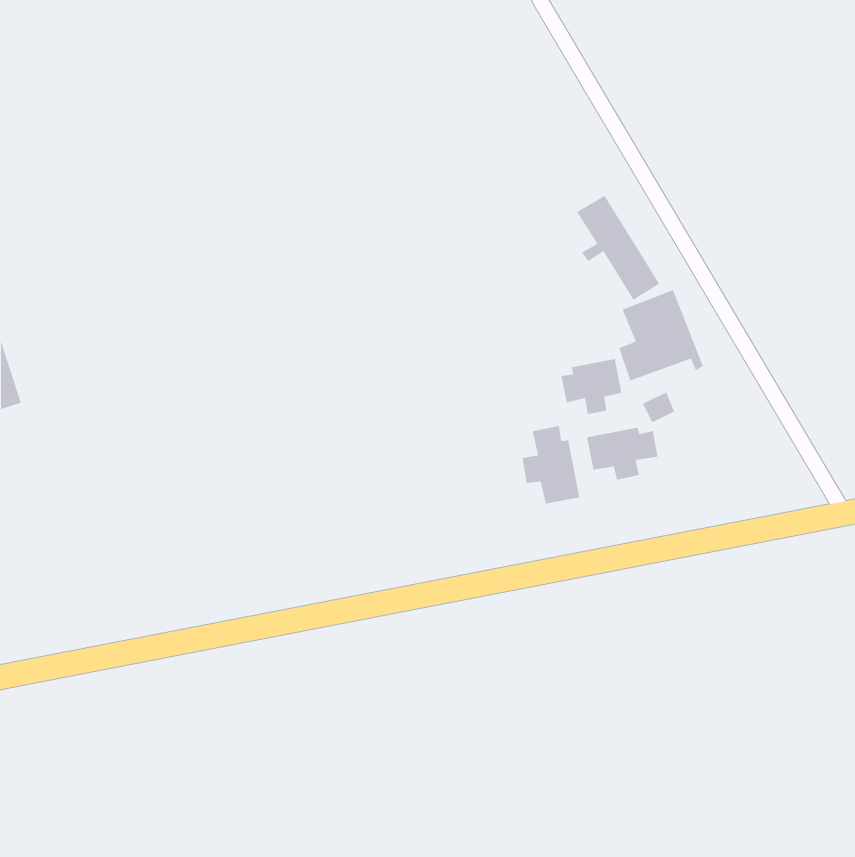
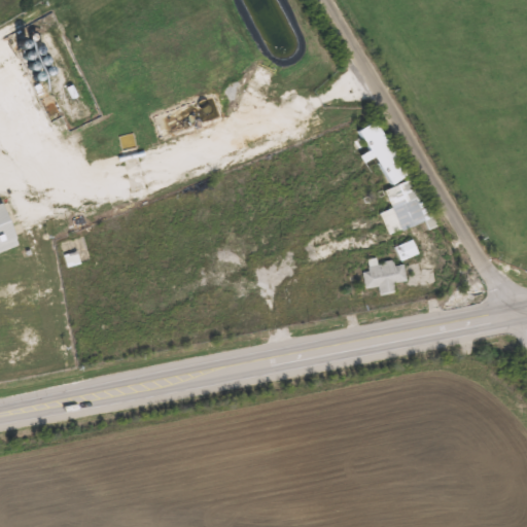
building: [561,358,622,415] -> none
building: [521,425,580,504] -> none

